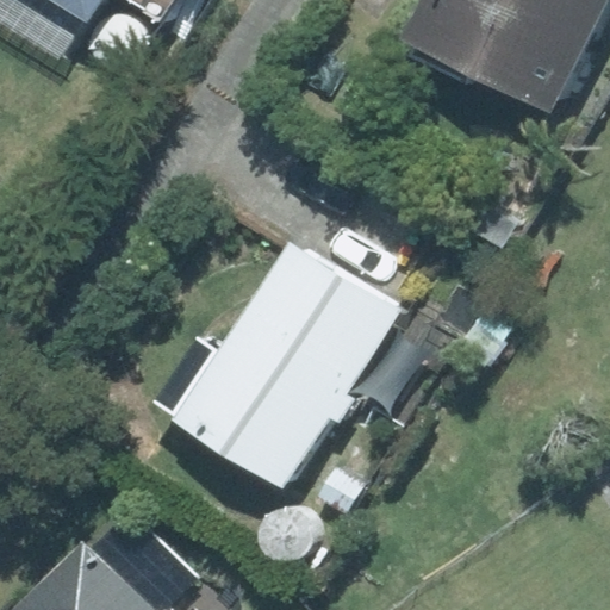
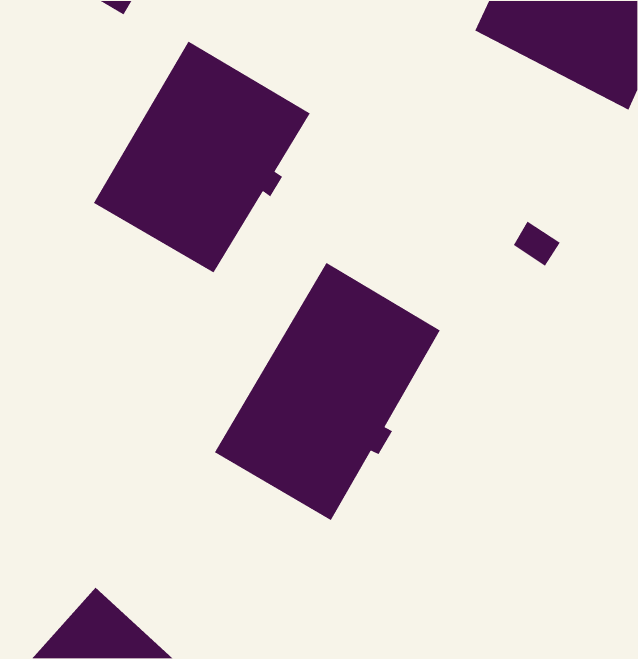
building: none -> [93,40,311,274]

